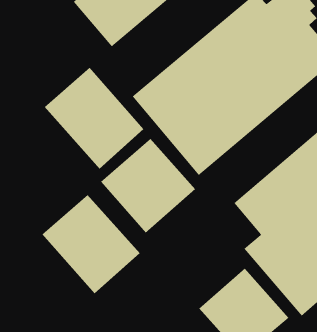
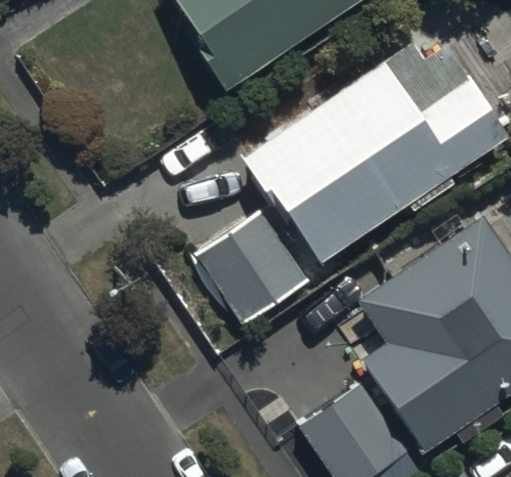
building: [44,67,144,170] -> none
building: [42,194,140,294] -> none

